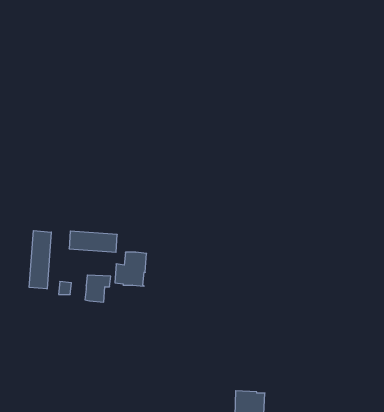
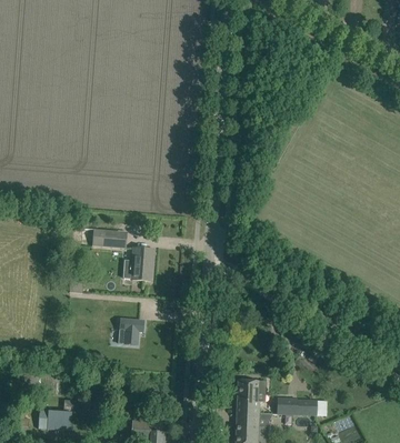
building: [29,231,51,289] -> none
building: [85,275,111,302] -> [119,319,143,344]

